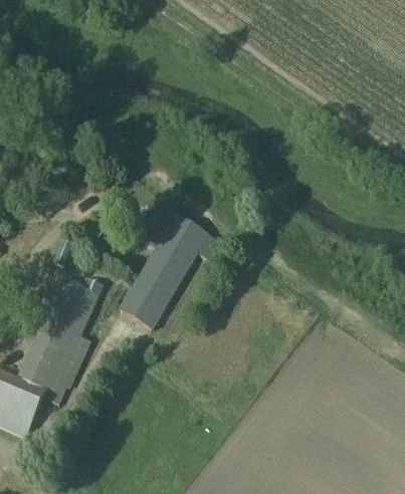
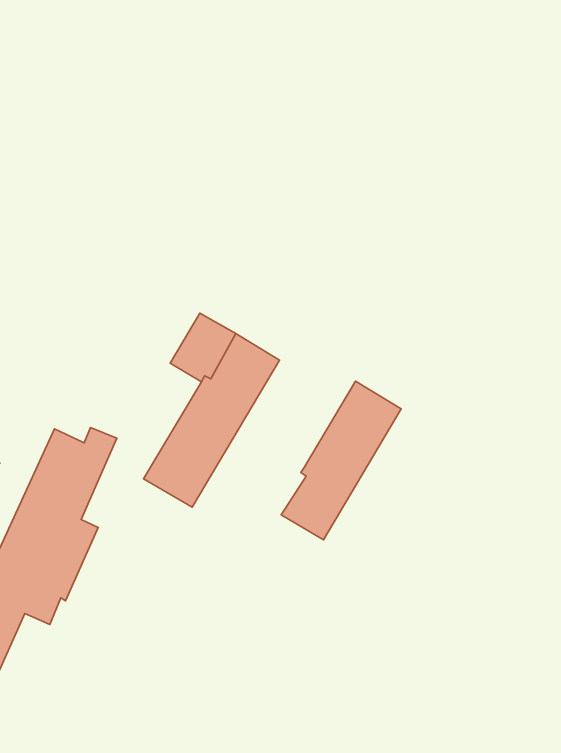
building: none -> [281,381,401,540]

